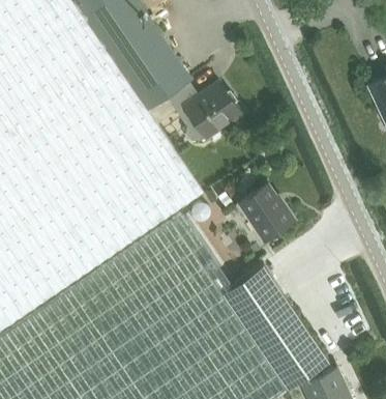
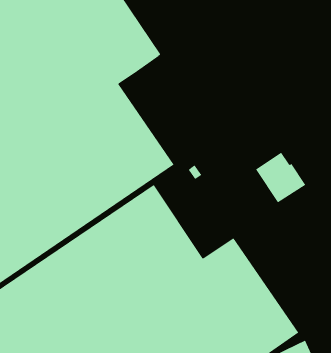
building: [167,81,240,142] -> none
building: [241,187,293,238] -> [255,152,306,203]

